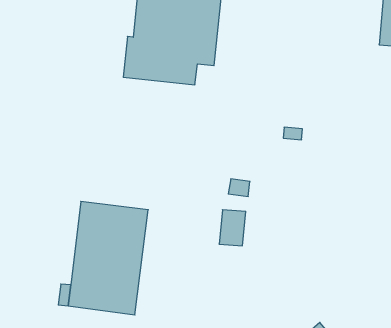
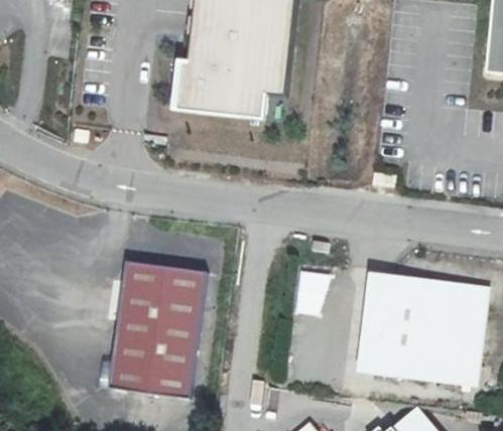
building: none -> [357,273,483,384]

